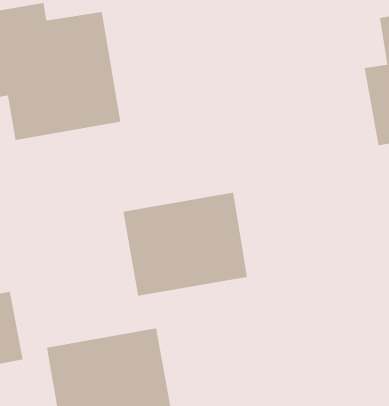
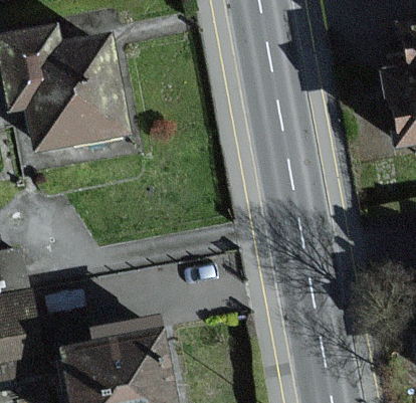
building: [123,192,248,297] -> none

